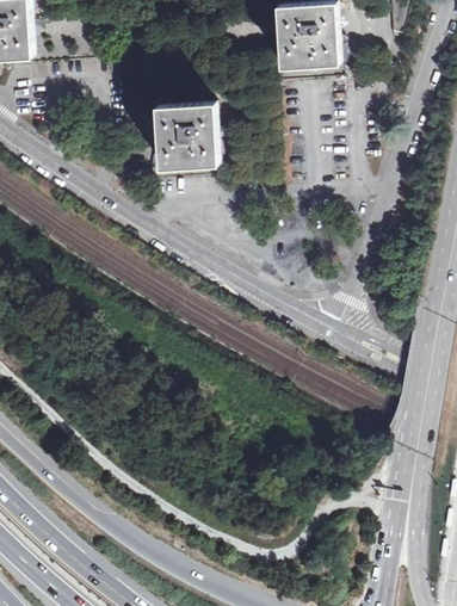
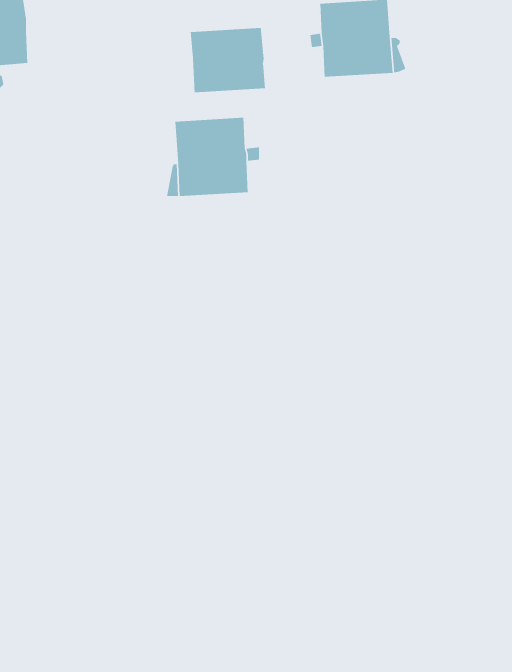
building: none -> [190,27,265,93]

